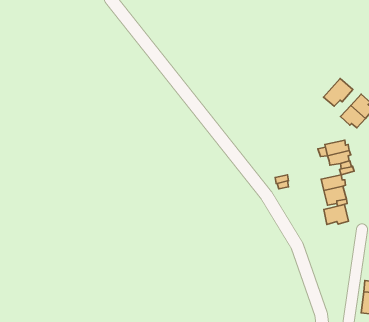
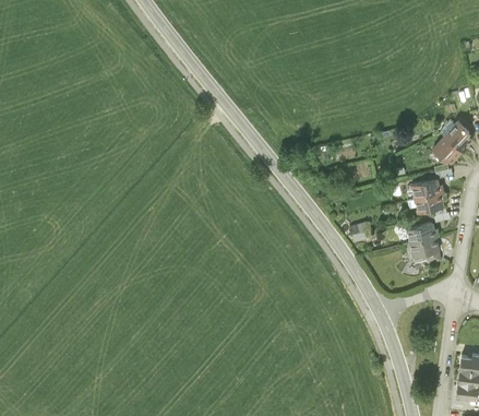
building: [324,79,353,106] -> none
building: [324,204,348,224] -> none

